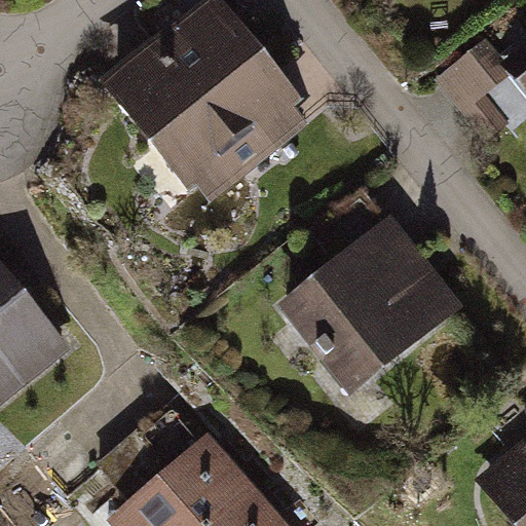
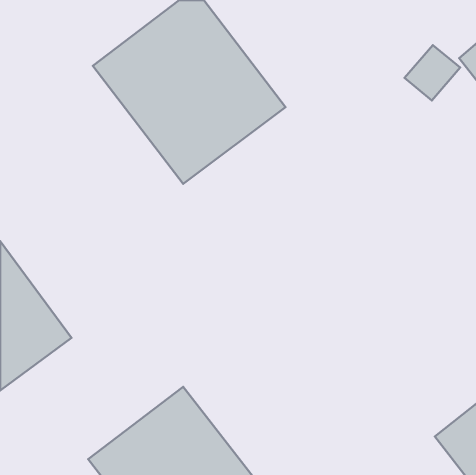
building: [274,213,459,392] -> none

